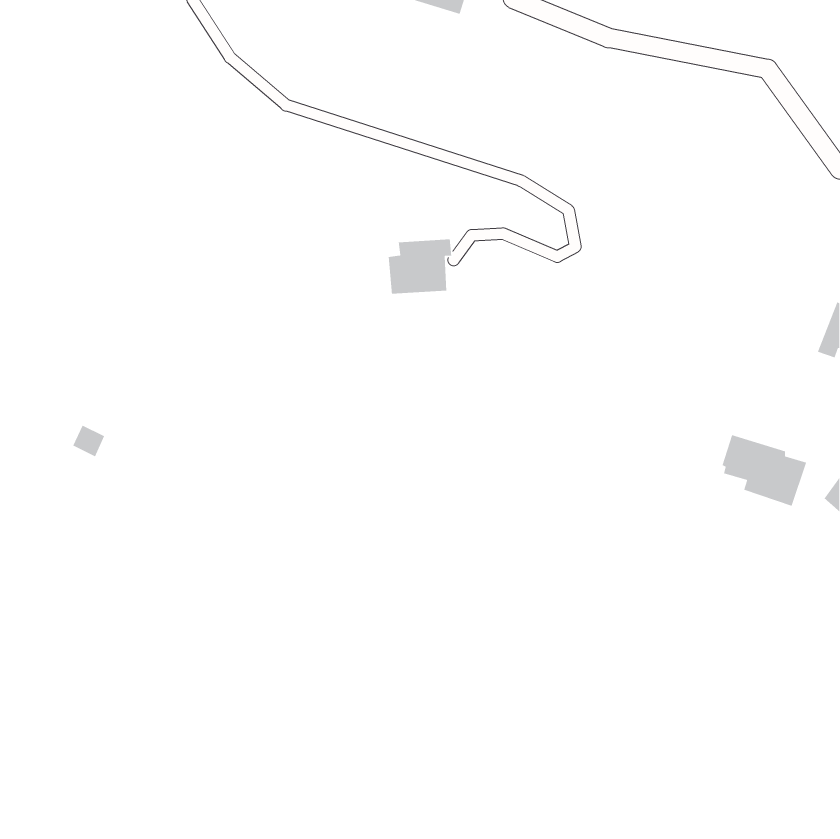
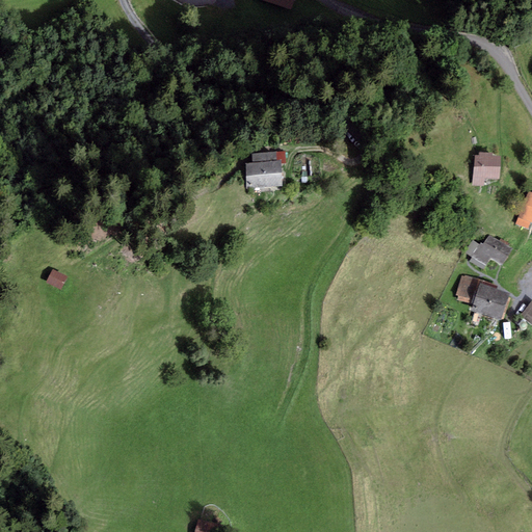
building: none -> [474,151,501,184]
building: none -> [466,233,513,268]

